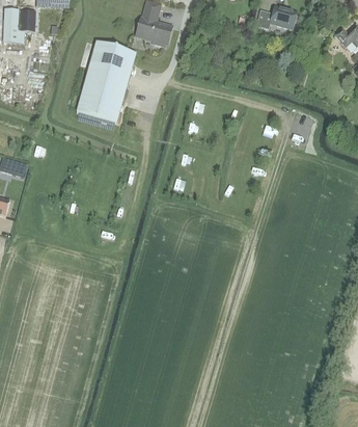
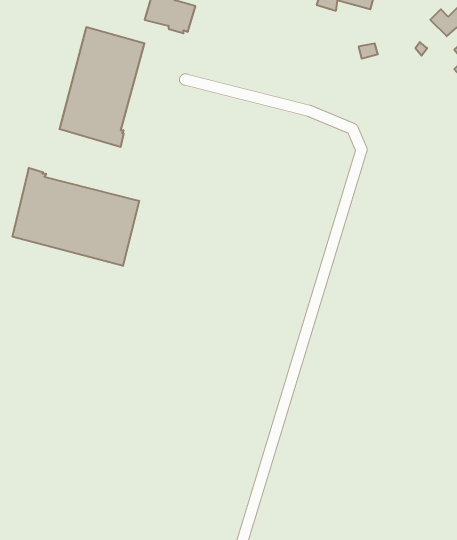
building: none -> [13,168,139,266]

